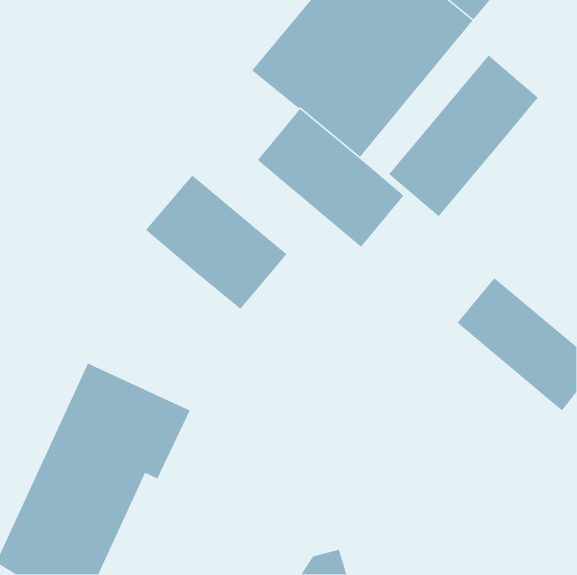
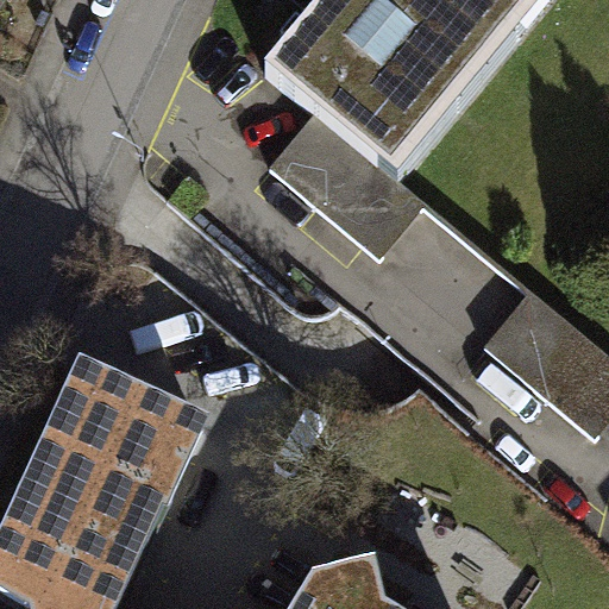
building: [388,54,539,217] -> none
building: [145,174,287,310] -> none

